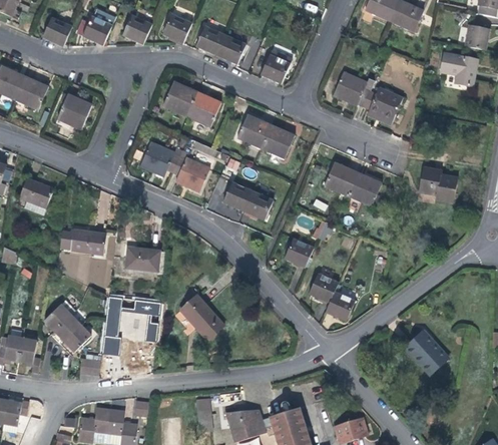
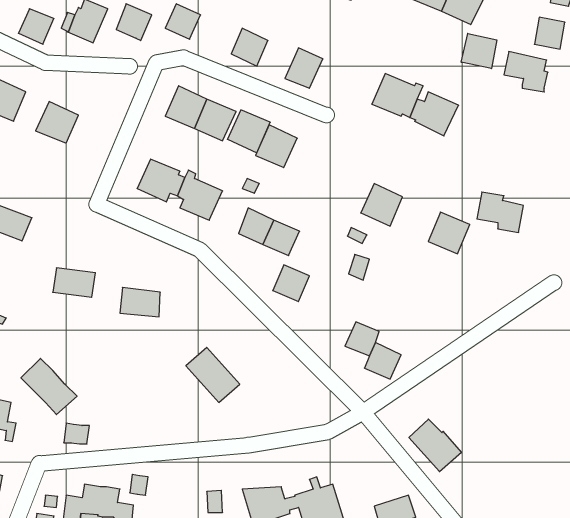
building: [195,25,225,55] -> none
building: none -> [461,33,497,69]
building: [260,124,295,159] -> [227,110,270,153]
building: [347,172,381,206] -> [428,212,470,254]
building: [283,241,313,271] -> [273,265,309,302]
building: [101,296,161,355] -> none
building: [405,332,448,375] -> [409,419,461,472]

